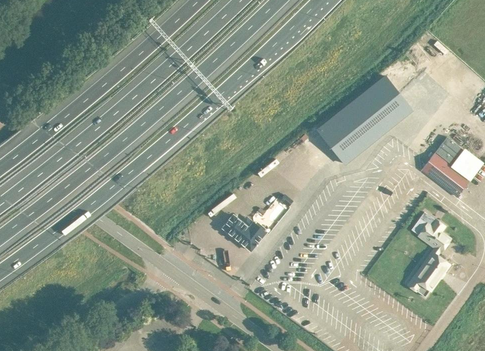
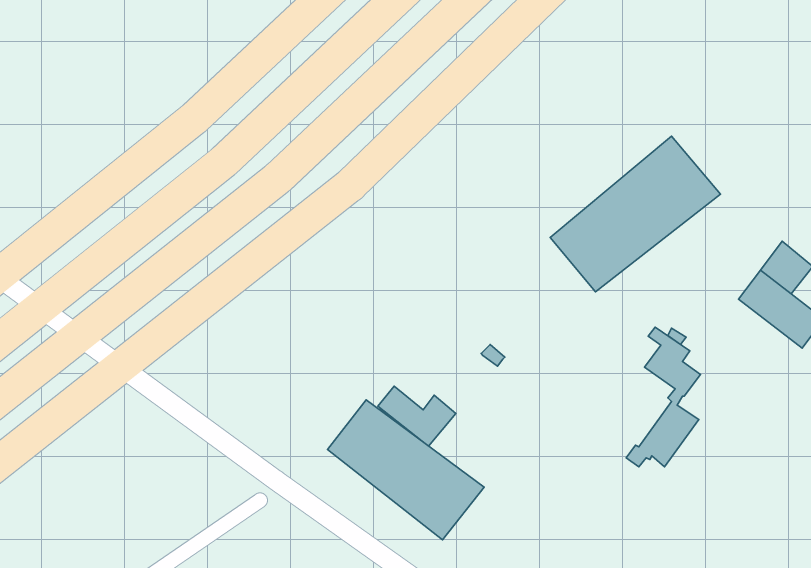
building: [407,213,448,290] -> [626,327,701,467]
building: none -> [327,400,484,540]

